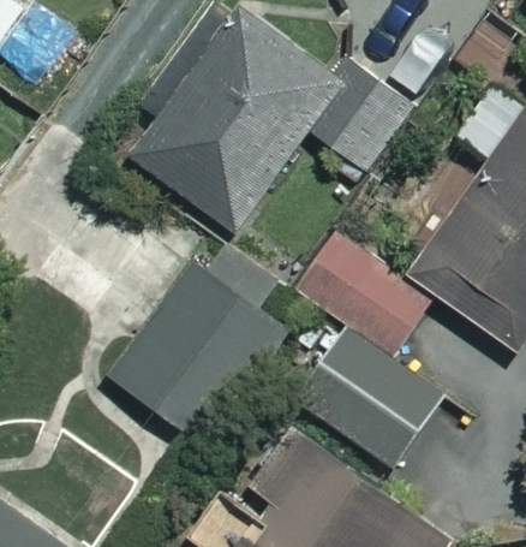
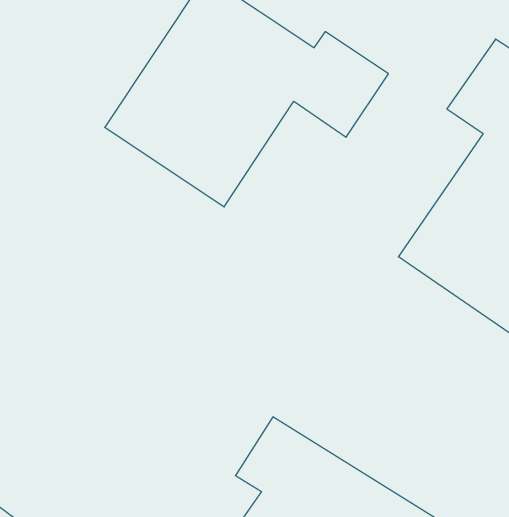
building: [299,234,442,465] -> none
building: [108,263,287,446] -> none

